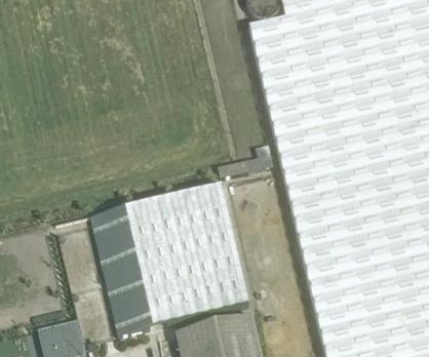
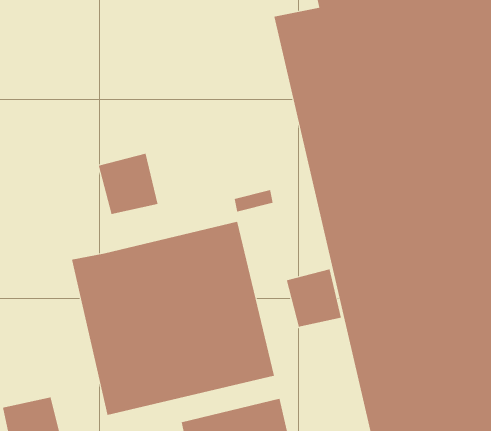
building: none -> [98,153,158,215]
building: none -> [286,268,342,328]

